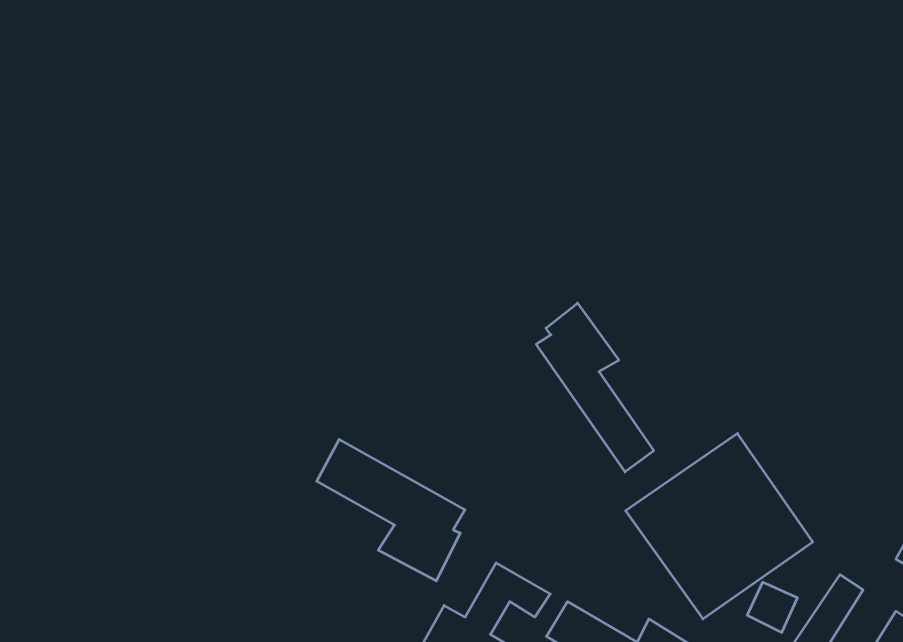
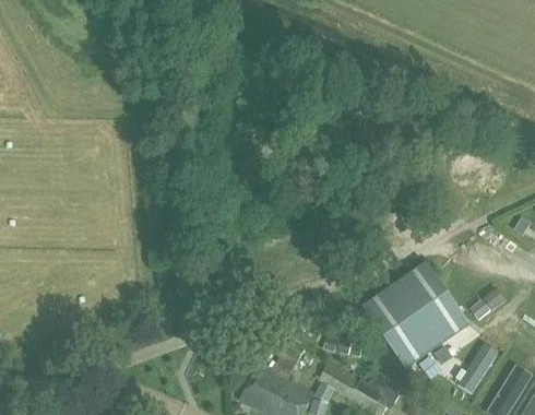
building: [536,303,654,472] -> none
building: [317,439,465,581] -> none

